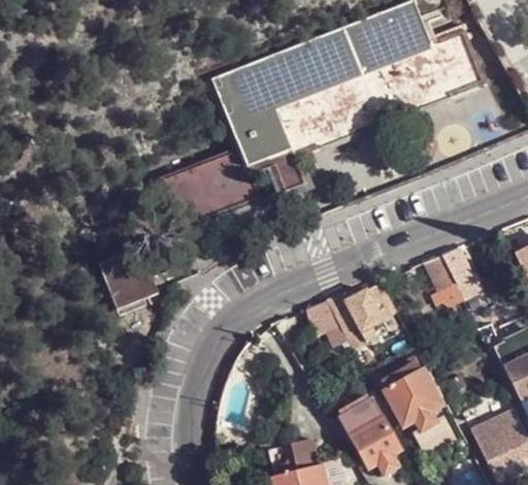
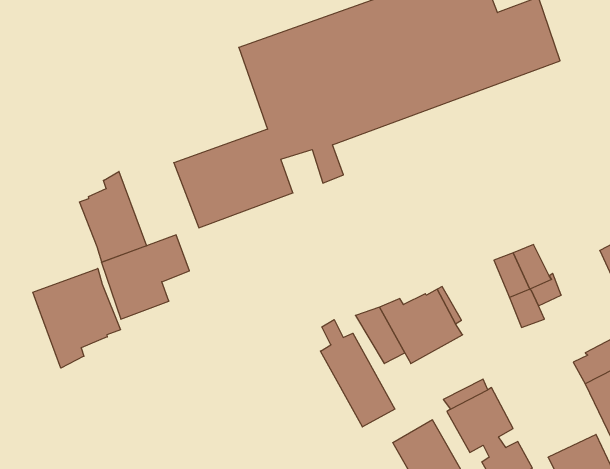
building: none -> [79,171,147,262]
building: none -> [33,268,121,368]
building: none -> [320,320,395,427]

